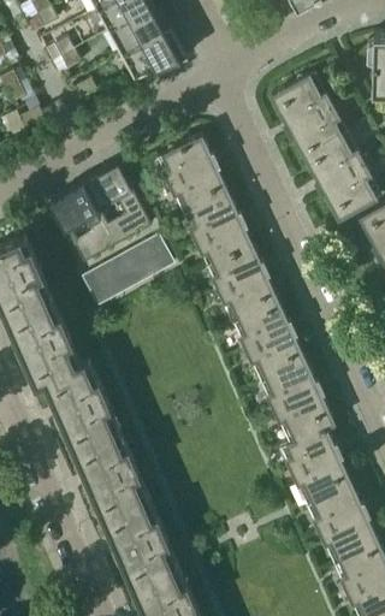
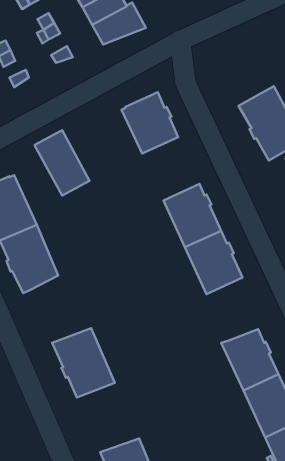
building: [272,75,345,154] -> none
building: [84,166,152,247] -> none
building: [183,192,254,271] -> none
building: [82,238,174,309] -> none
building: [45,359,120,446] -> none
building: [262,366,334,444] -> none
building: [102,496,179,581] -> none

